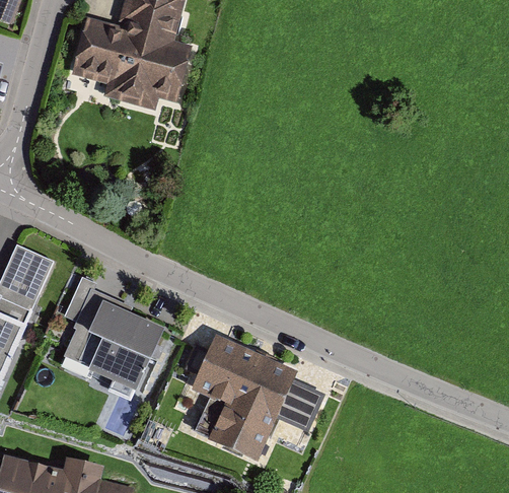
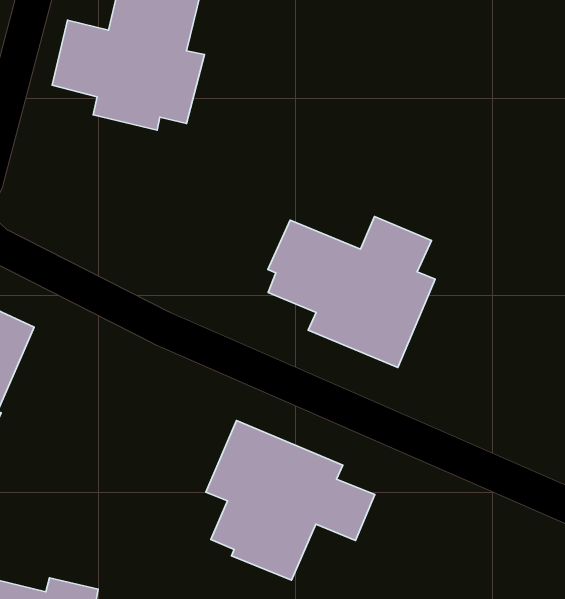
building: none -> [268,216,435,368]
building: [57,291,156,391] -> none

